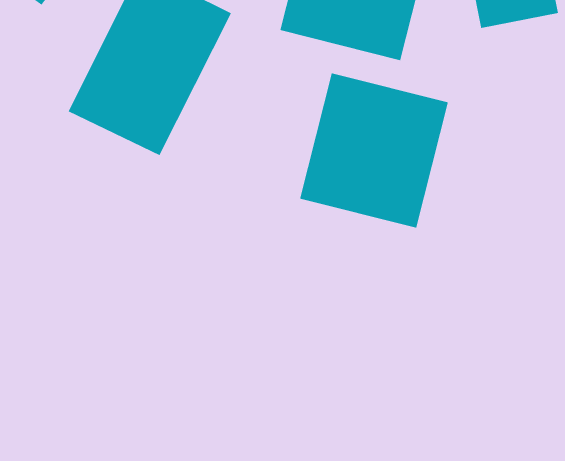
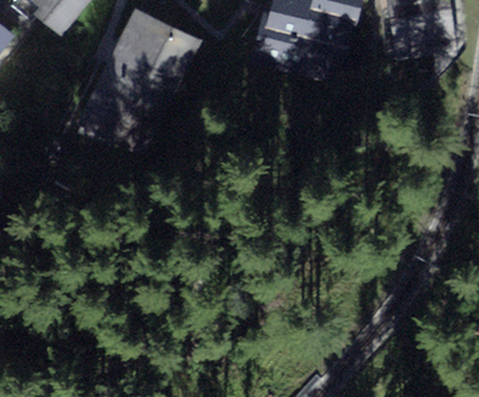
building: [299,72,448,229] -> none

